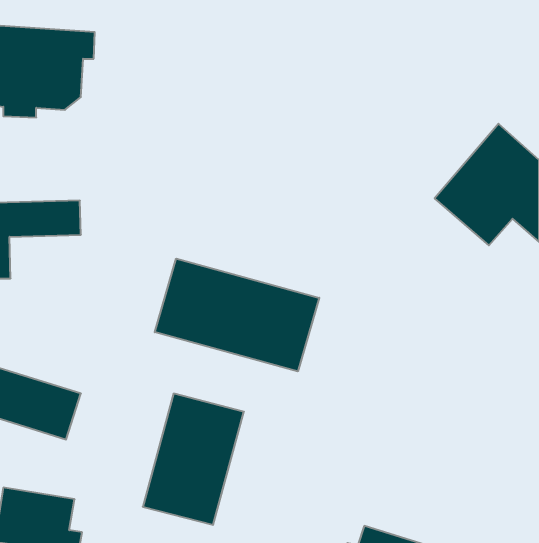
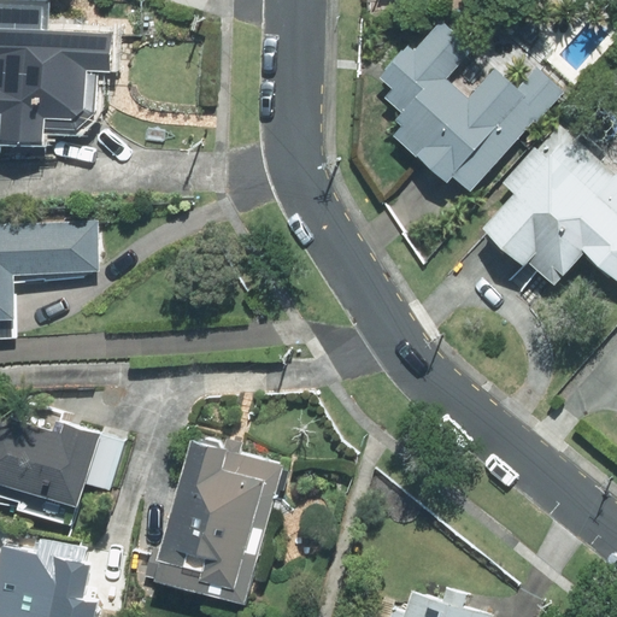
building: none -> [387,27,556,188]
building: [155,259,319,371] -> none

